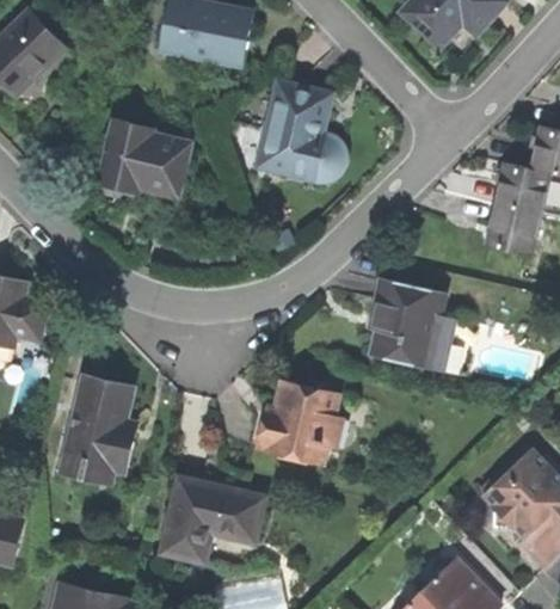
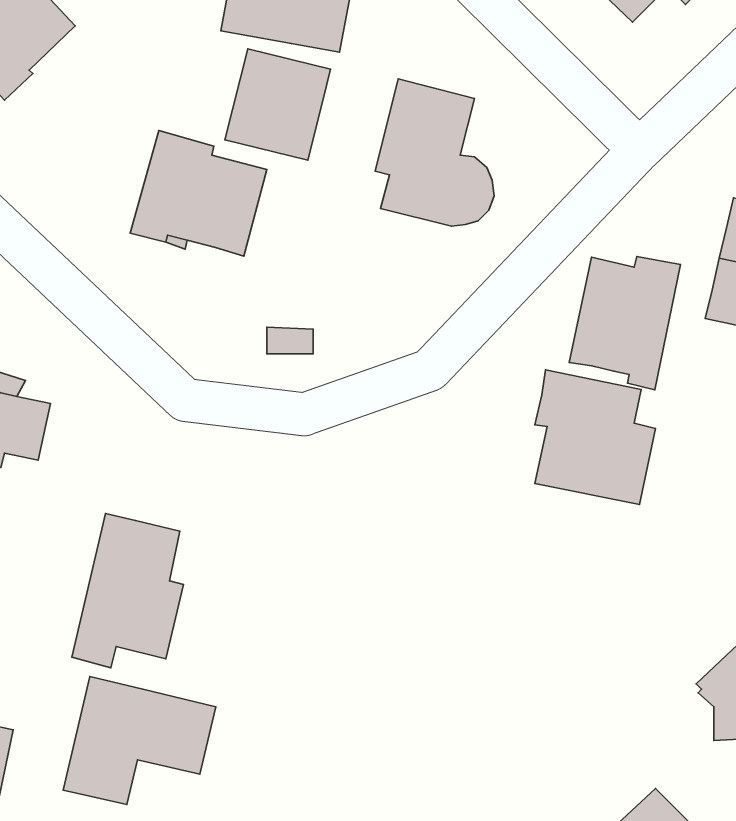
building: none -> [225,49,331,160]
building: none -> [569,257,680,390]
building: [257,380,338,465] -> none
building: [161,476,264,562] -> [63,677,216,804]

